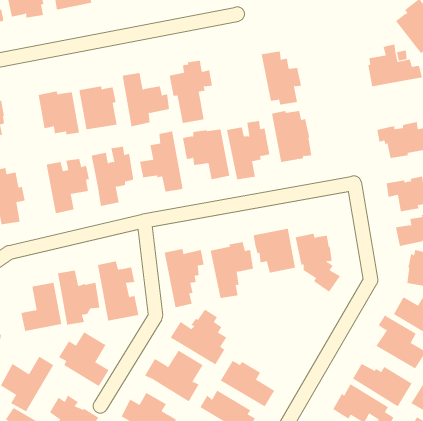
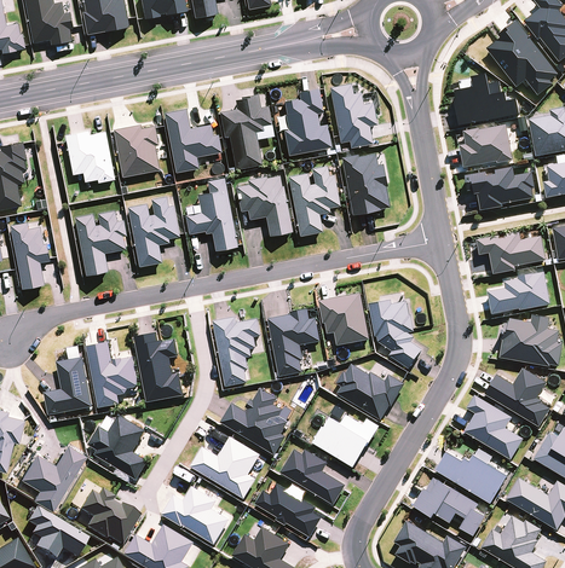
building: none -> [283,88,330,155]
building: none -> [460,124,513,168]
building: none -> [336,364,404,419]
building: none -> [312,415,379,466]

